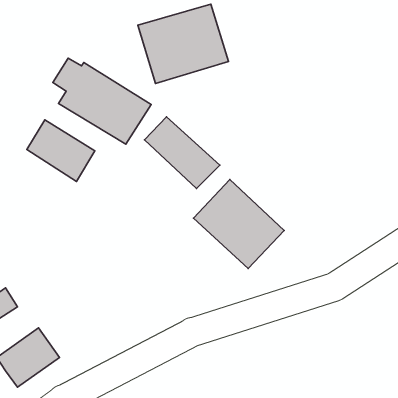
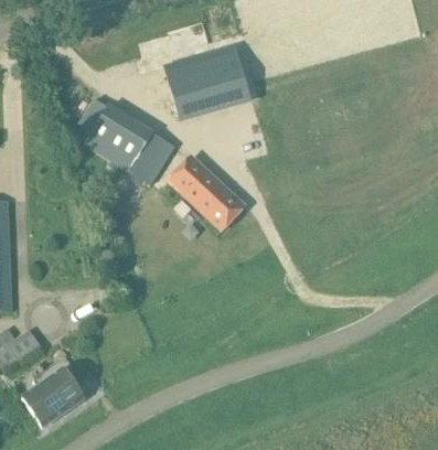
building: [27,120,95,182] -> none
building: [193,179,284,269] -> none

